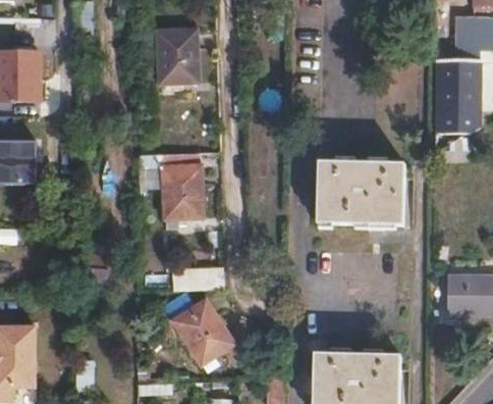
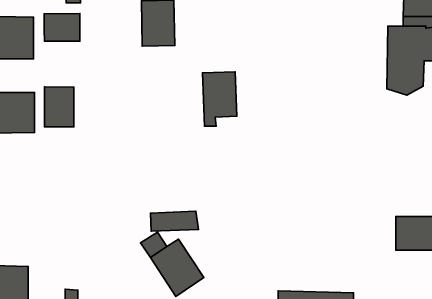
building: none -> [44,14,80,41]
building: none -> [45,87,74,127]
building: [164,165,203,226] -> [203,72,237,126]
building: [319,166,404,228] -> none

